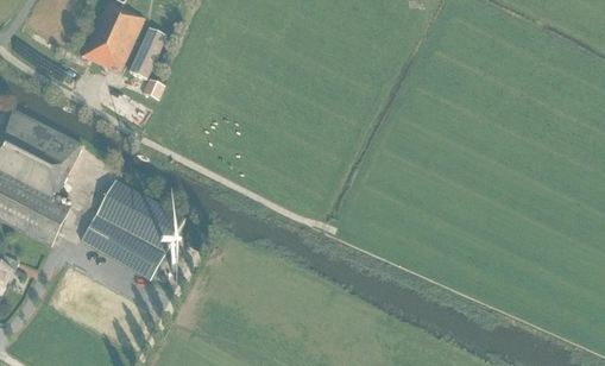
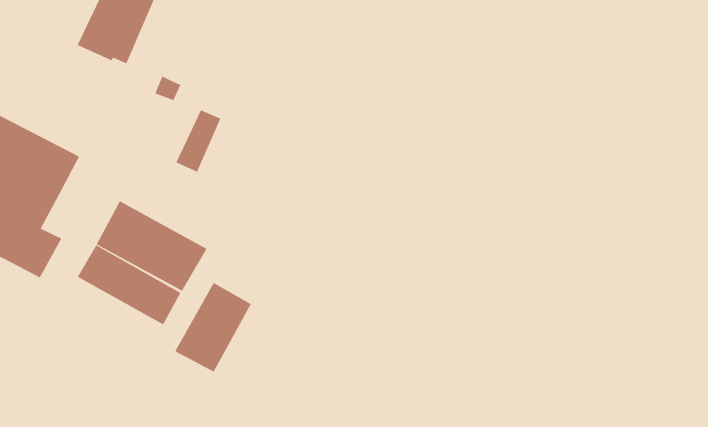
building: [128,27,165,78] -> [176,110,221,173]
building: none -> [175,282,251,373]

